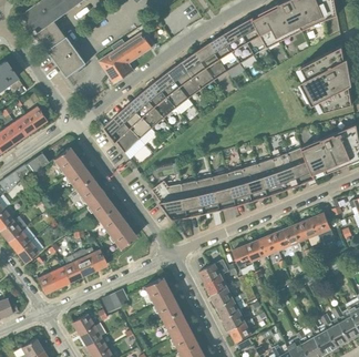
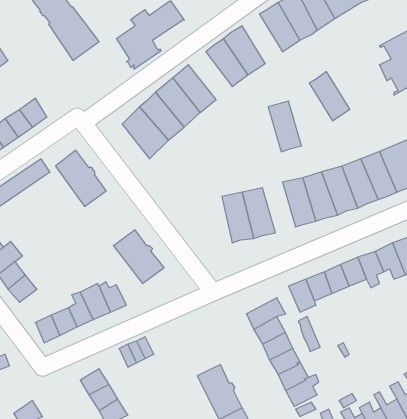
building: [196,42,227,80] -> [309,72,350,121]
building: [155,71,188,108] -> none
building: [212,171,237,210] -> [268,101,302,152]
building: [75,177,114,220] -> none
building: [152,180,188,220] -> none
building: [144,277,180,319] -> none

